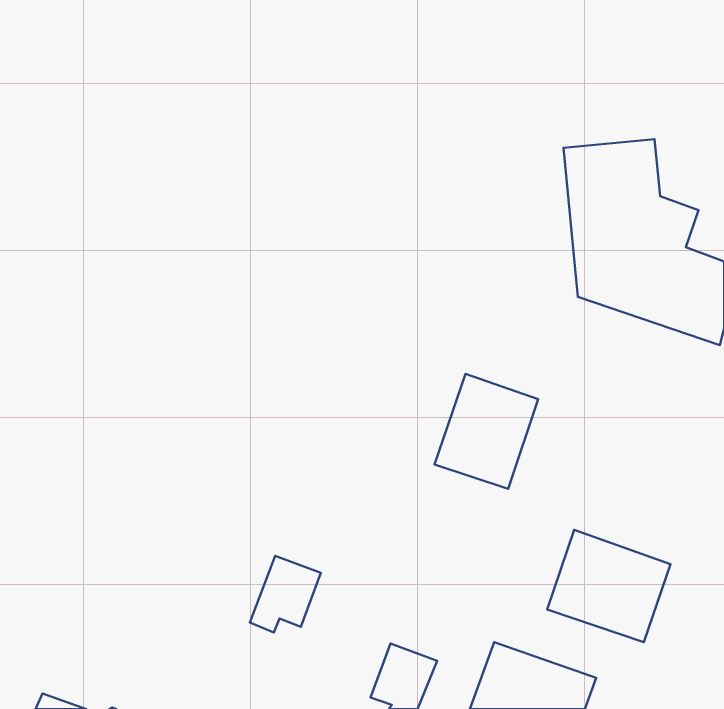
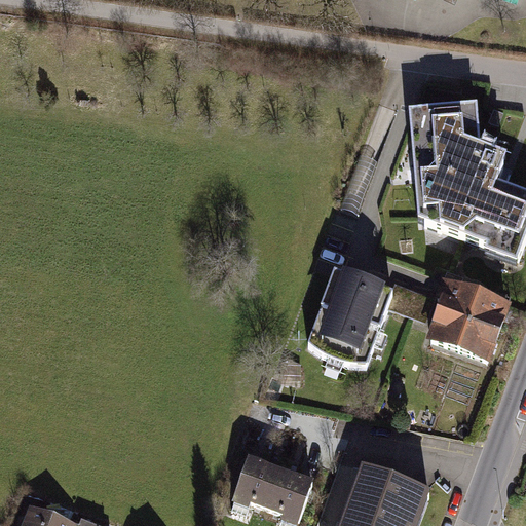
building: [547,530,671,642] -> [422,277,512,359]
building: [250,556,321,633] -> [231,453,283,509]

